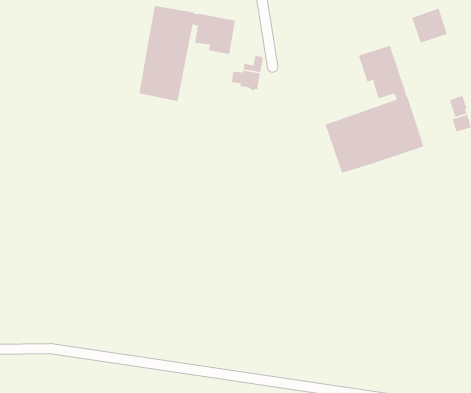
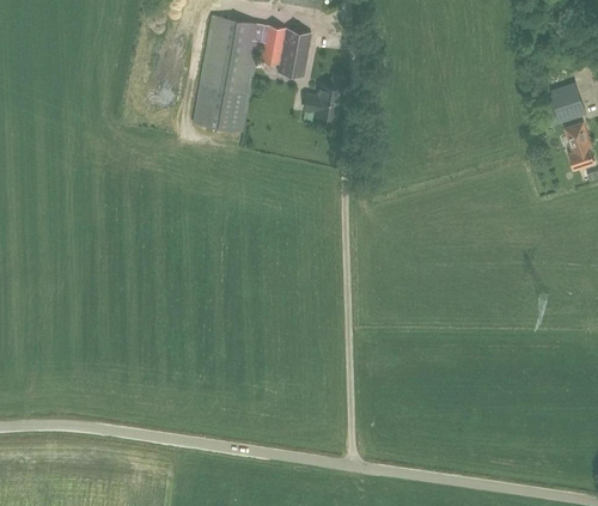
building: [411,7,448,43] -> [542,83,586,126]
building: [324,45,424,174] -> none

